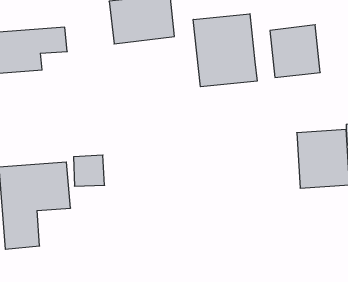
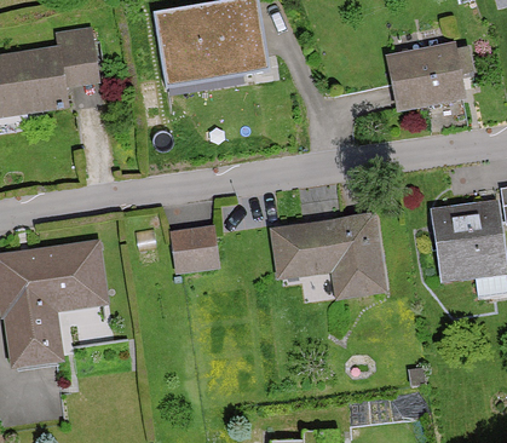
building: [193,14,257,87] -> none
building: none -> [280,215,386,299]
building: [74,155,105,186] -> [173,228,218,272]

